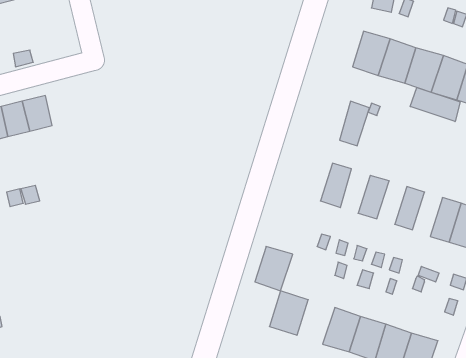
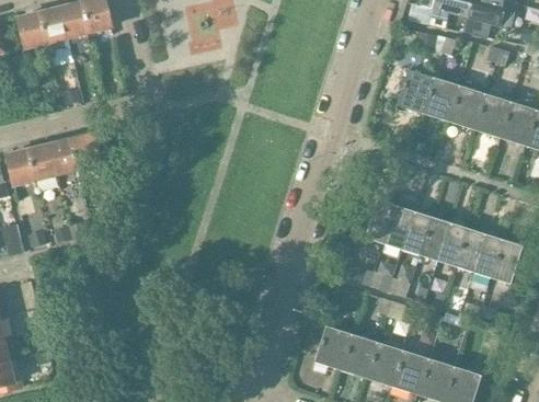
building: [410,87,460,122] -> none
building: [340,101,369,146] -> [385,205,414,249]
building: none -> [421,217,450,260]
building: none -> [456,228,485,272]
building: [255,246,293,291] -> [342,334,379,378]

